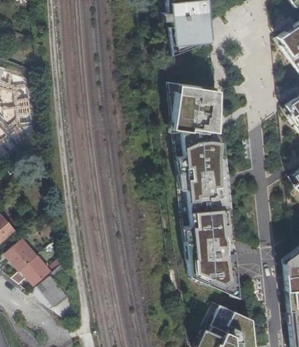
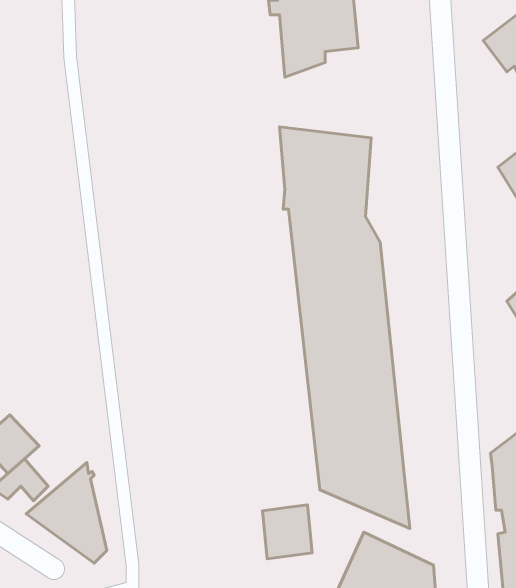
building: none -> [262,505,312,559]

